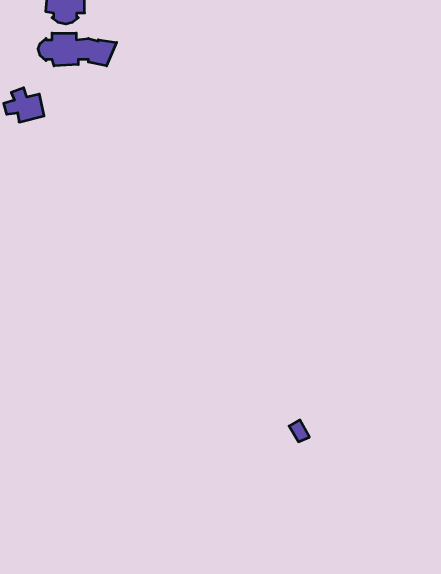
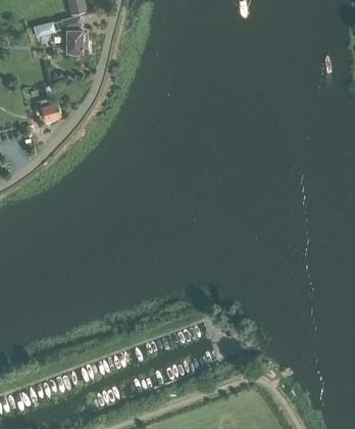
building: [38,33,117,66] -> none

